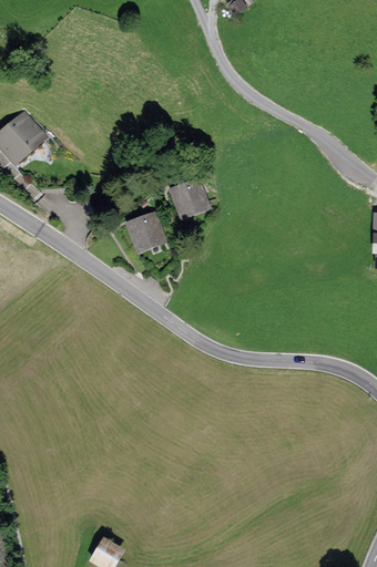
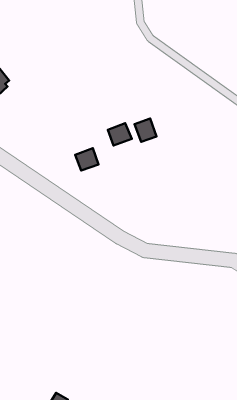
building: none -> [134,118,156,142]

